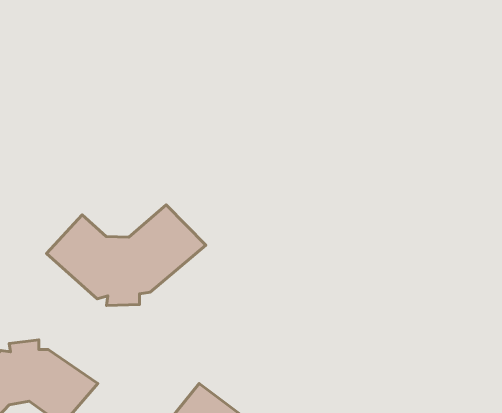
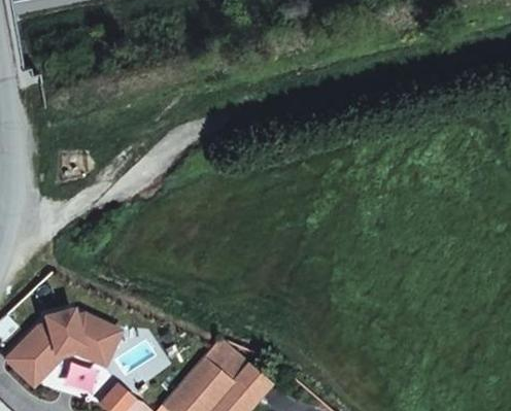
building: [47,205,206,305] -> none

